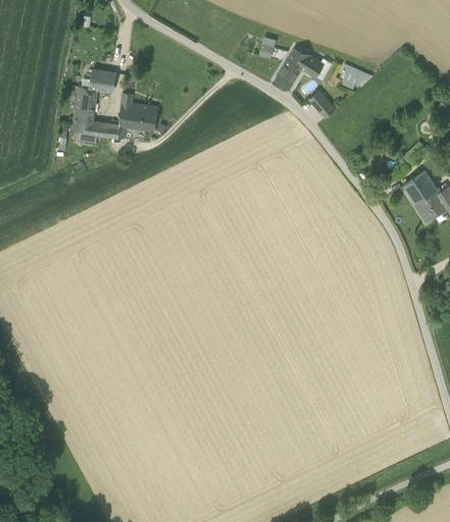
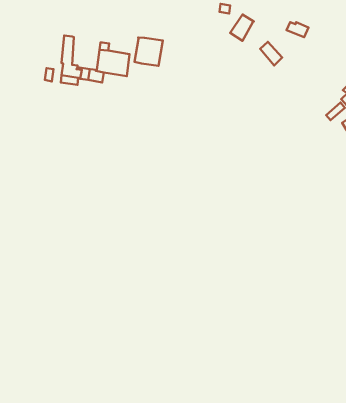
building: [287,50,320,77] -> none
building: [91,67,114,89] -> none
building: none -> [135,37,163,66]

